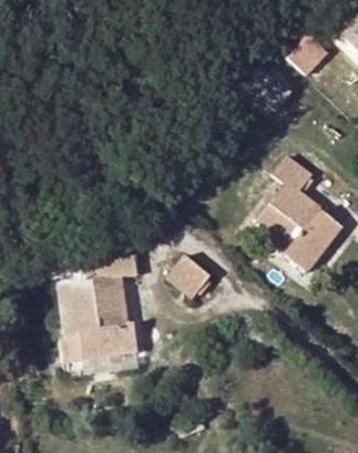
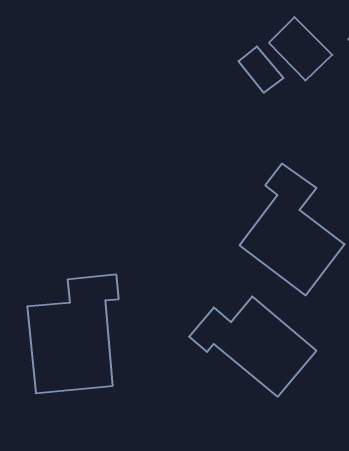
building: [165,253,213,300] -> none
building: none -> [189,296,316,397]

